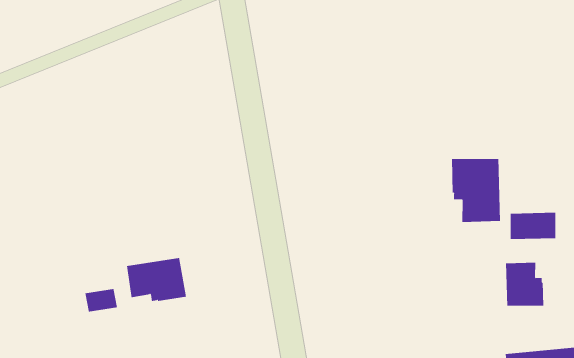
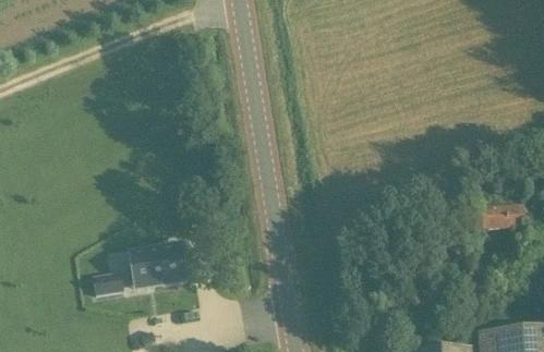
building: [451,158,500,223] -> none
building: [506,262,544,306] -> none

